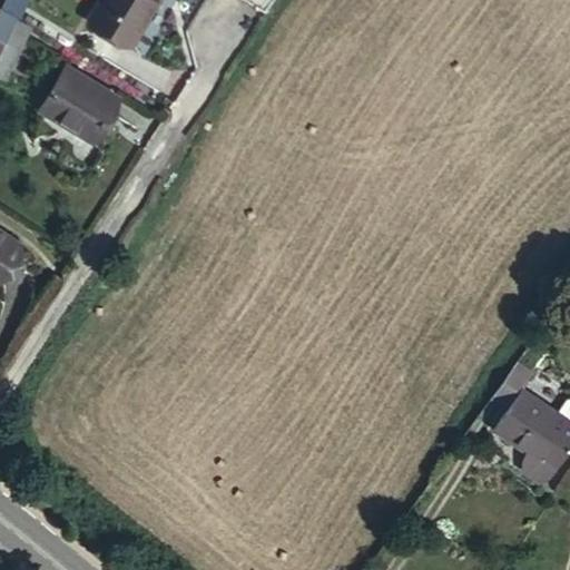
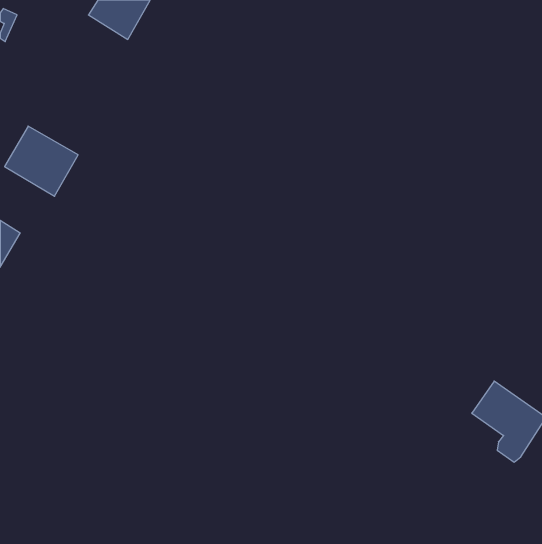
building: [40,69,117,142] -> [5,126,78,196]

